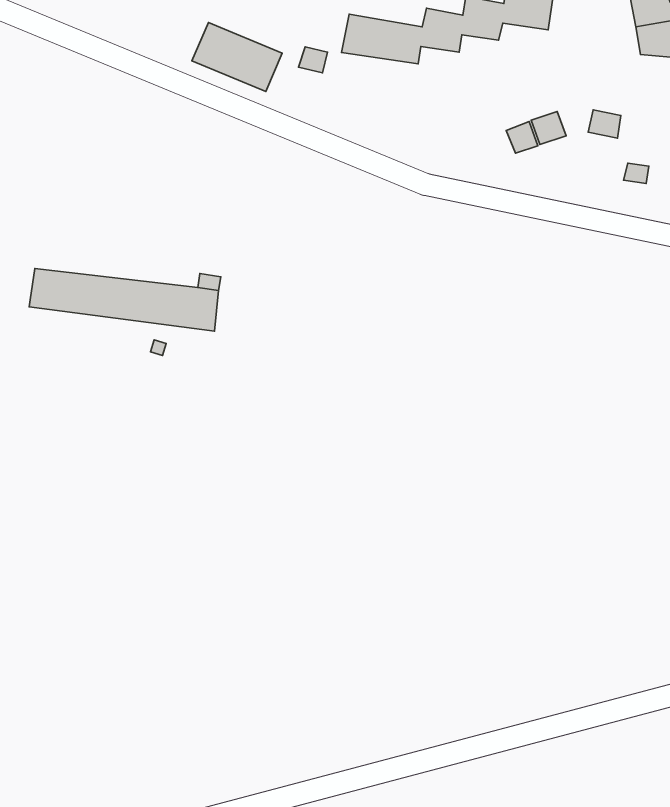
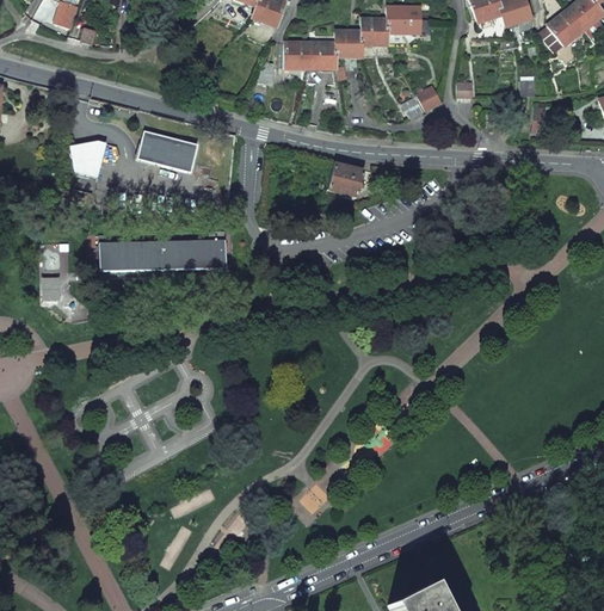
building: [192,22,282,92] -> [137,130,197,171]
building: none -> [69,143,106,177]
building: none -> [328,162,365,197]

